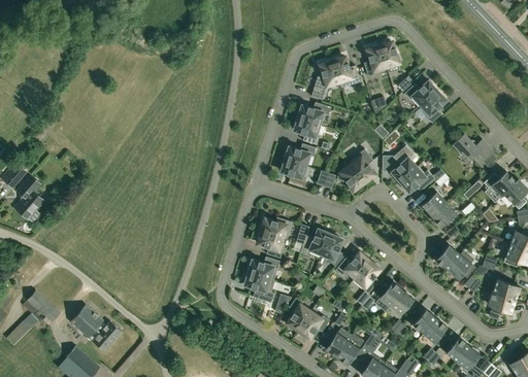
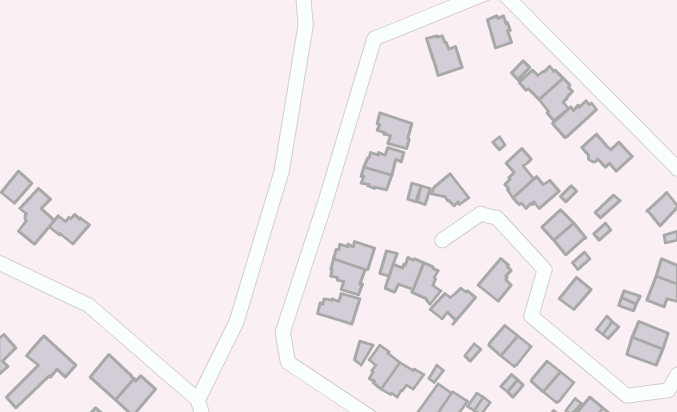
building: [364,45,387,77] -> none
building: [311,60,339,100] -> none
building: [296,103,331,126] -> none
building: none -> [553,101,597,138]
building: [350,149,374,183] -> none
building: [484,172,516,197] -> none
building: none -> [49,215,89,244]
building: [447,251,475,279] -> none
building: [353,261,378,294] -> [478,259,511,301]
building: [245,273,275,304] -> none

